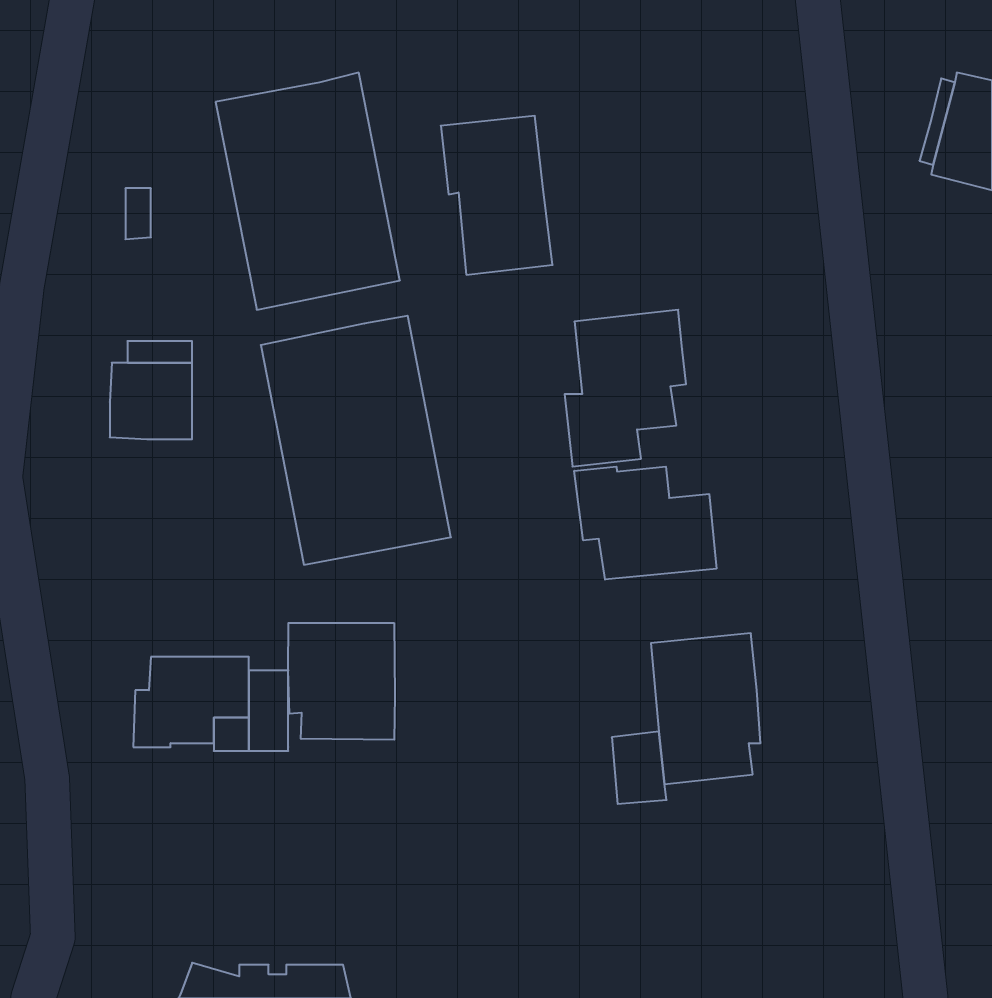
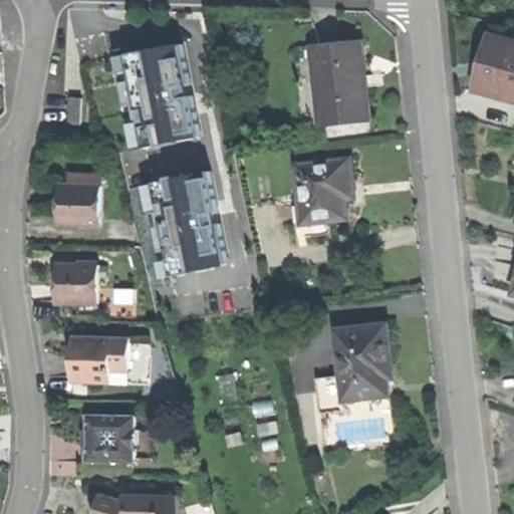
building: [441,116,553,275] -> [307,43,364,124]
building: [574,467,716,580] -> none
building: none -> [54,265,96,303]
building: [288,623,395,740] -> none
building: none -> [83,416,133,464]

